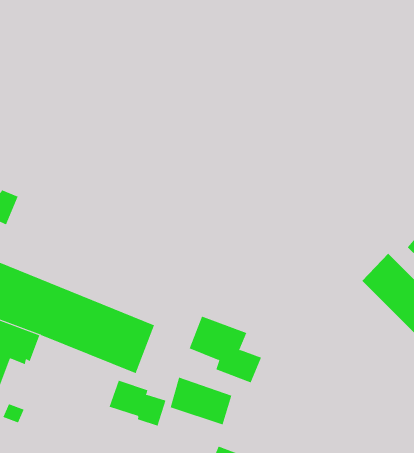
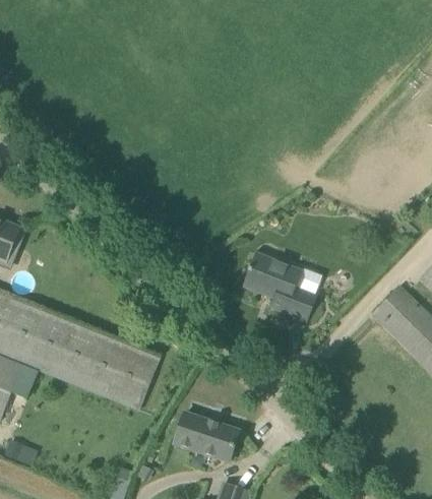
building: [189,316,262,383] -> [243,253,318,322]
building: [109,380,166,426] -> none

